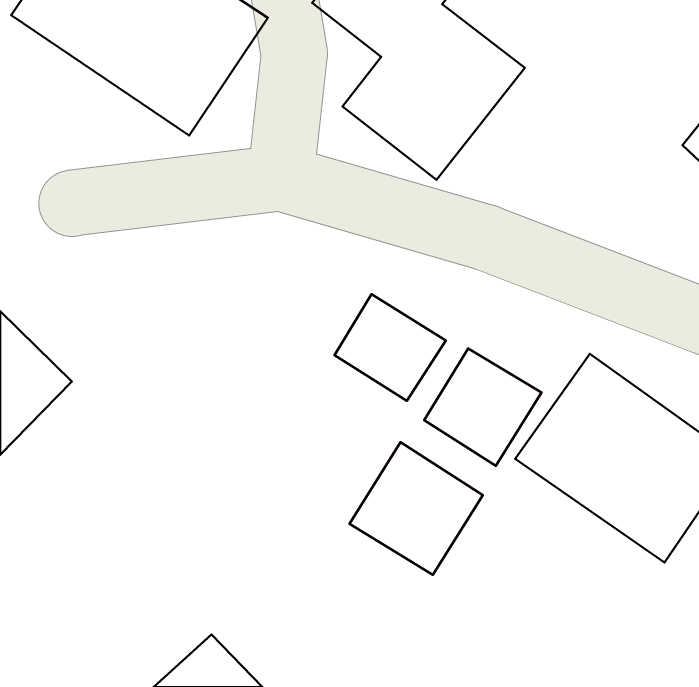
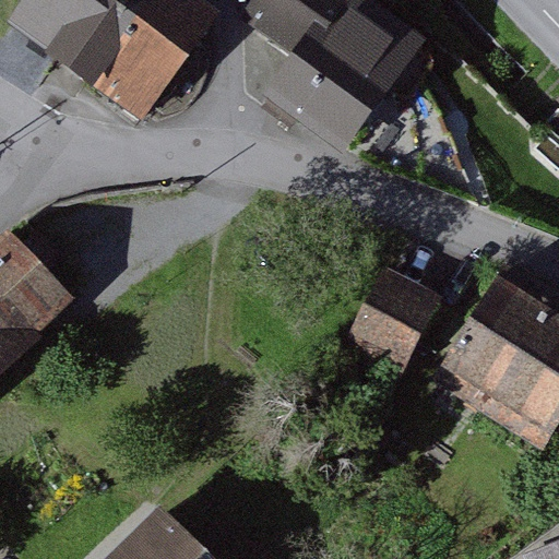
building: [335,294,446,401] -> none
building: [350,442,483,575] -> none

